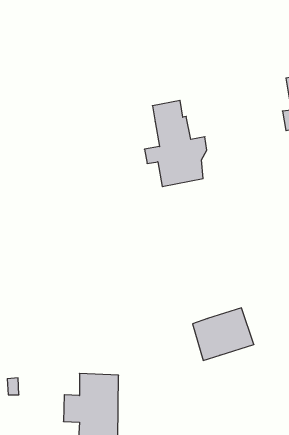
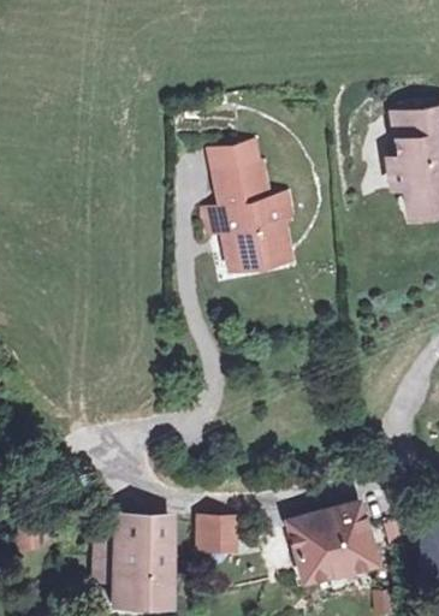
building: [193,308,254,360] -> [292,507,375,578]
building: none -> [196,520,247,551]

